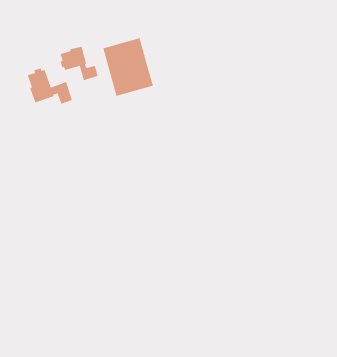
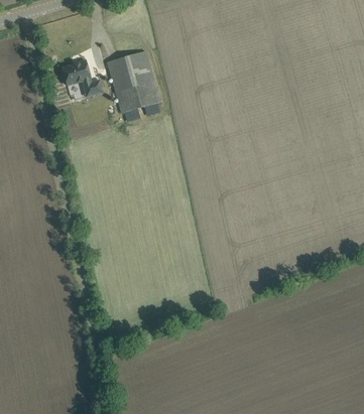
building: [27,67,72,104] -> none

